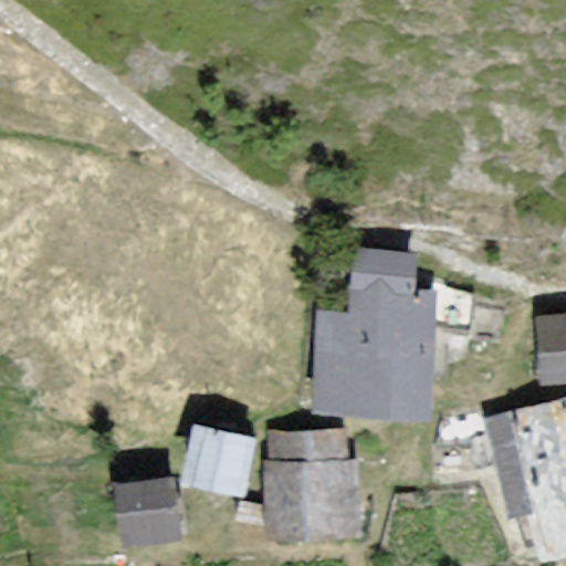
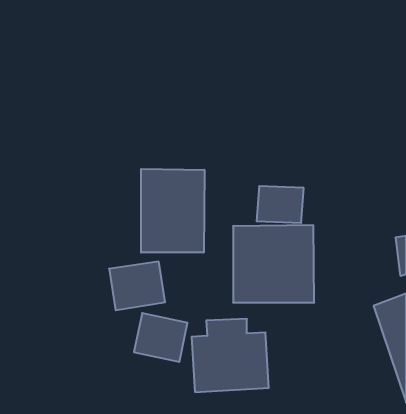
building: none -> [141,169,204,253]
building: [107,481,184,547] -> [109,262,165,310]

